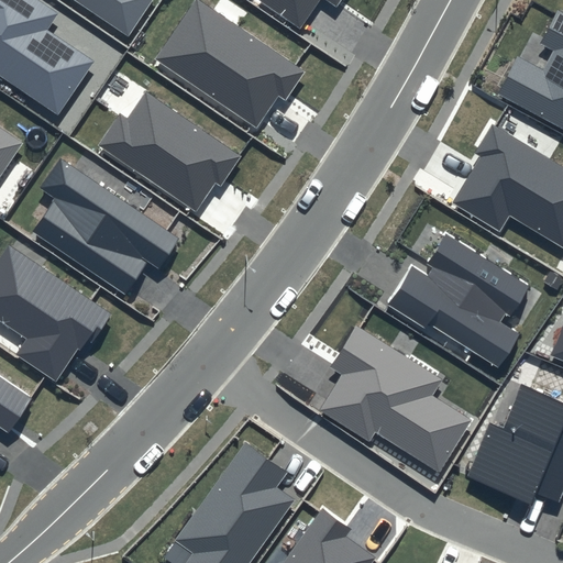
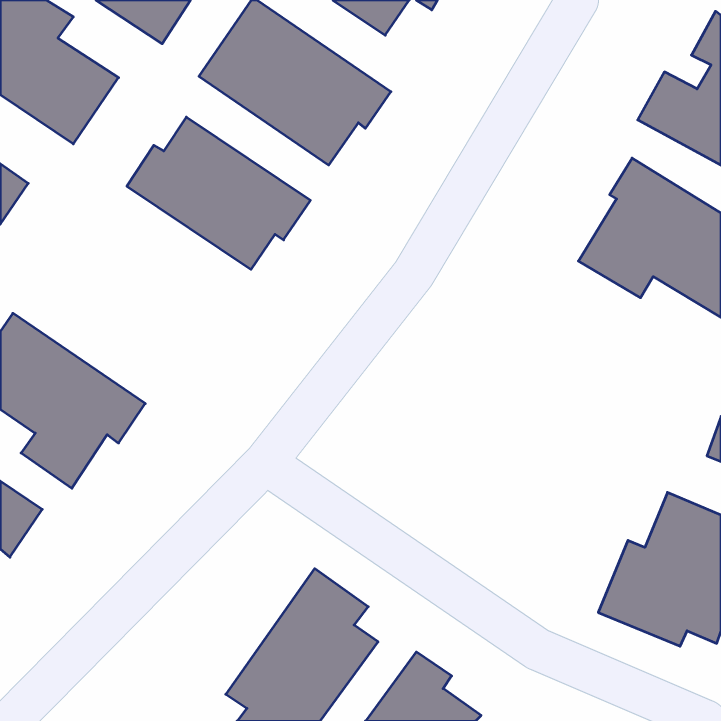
building: [33,158,180,291] -> none
building: [386,232,530,366] -> none
building: [320,327,473,473] -> none

